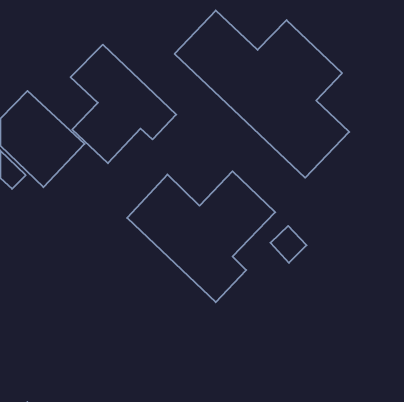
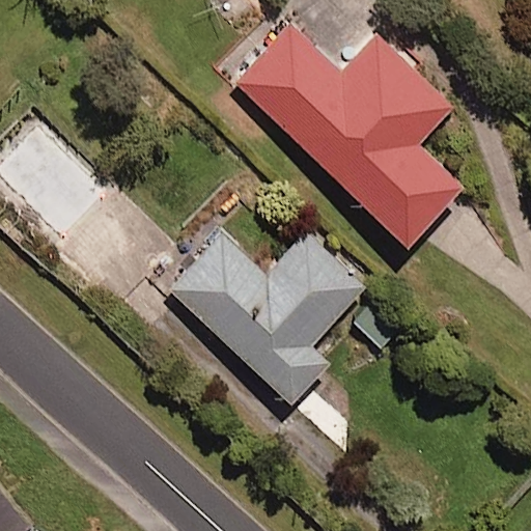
building: [71,45,176,163] -> none

